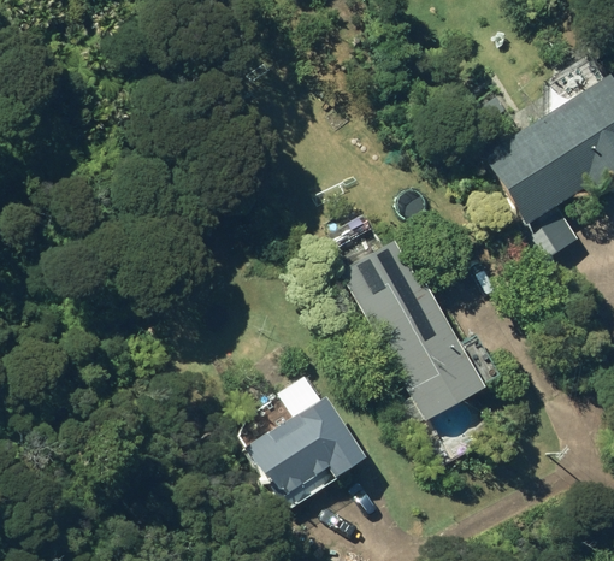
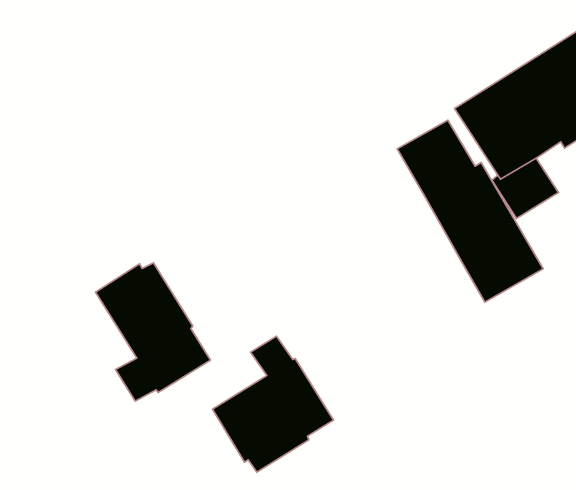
building: [344,242,486,419] -> [397,120,543,302]
building: none -> [96,263,210,401]

